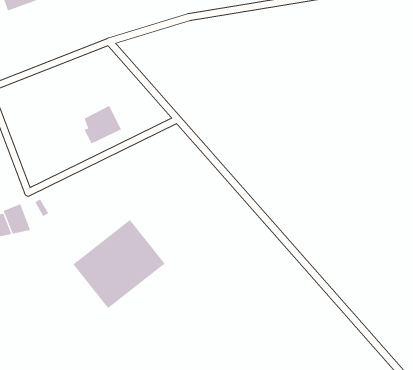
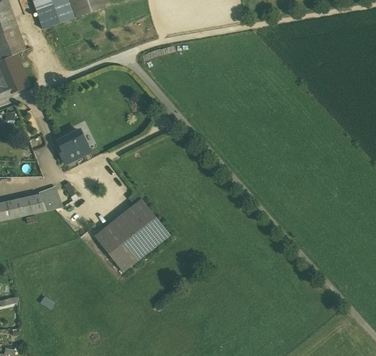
building: [84,105,122,144] -> [57,129,88,161]

